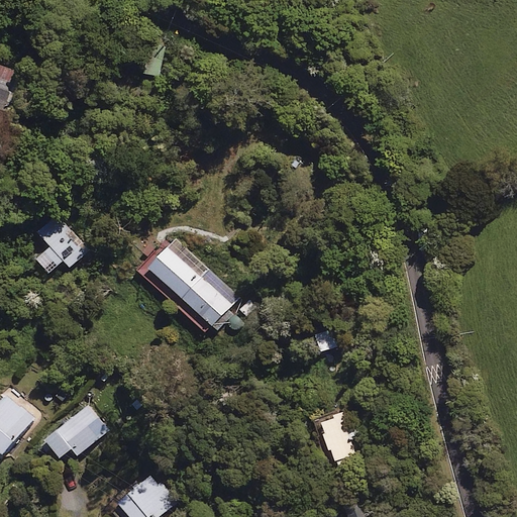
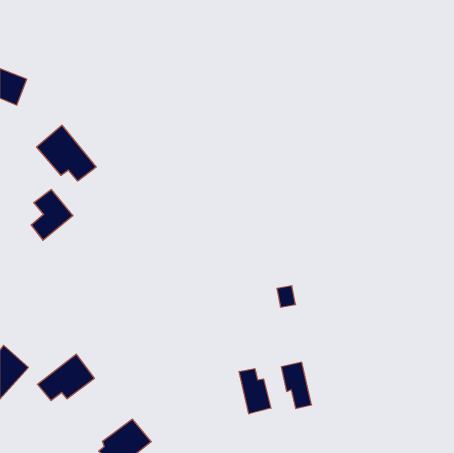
building: none -> [37,125,96,181]
building: [139,237,247,333] -> none
building: none -> [239,369,271,414]

